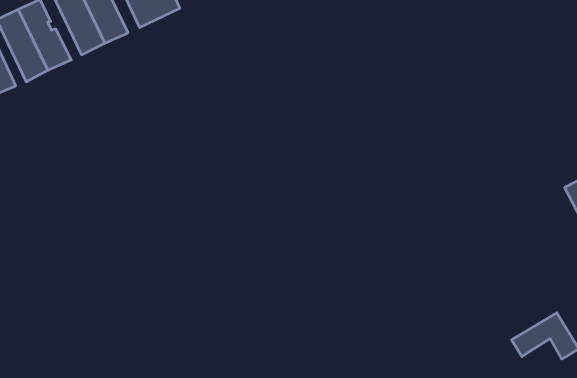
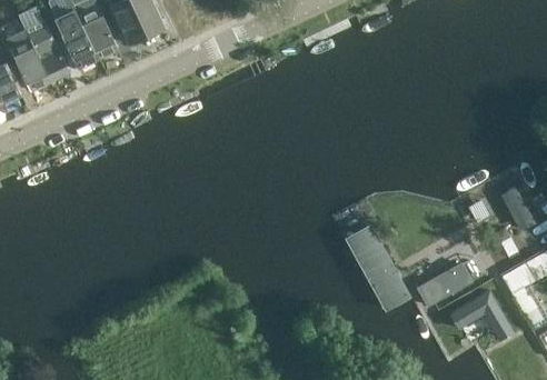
building: none -> [347,227,408,309]
building: none -> [418,263,470,304]

